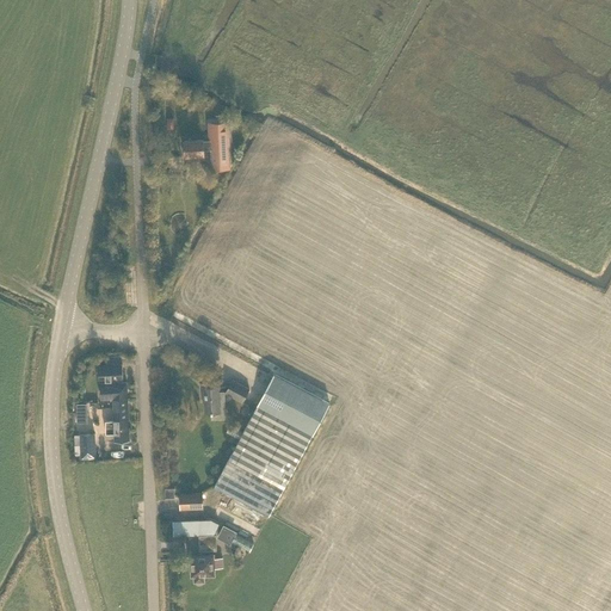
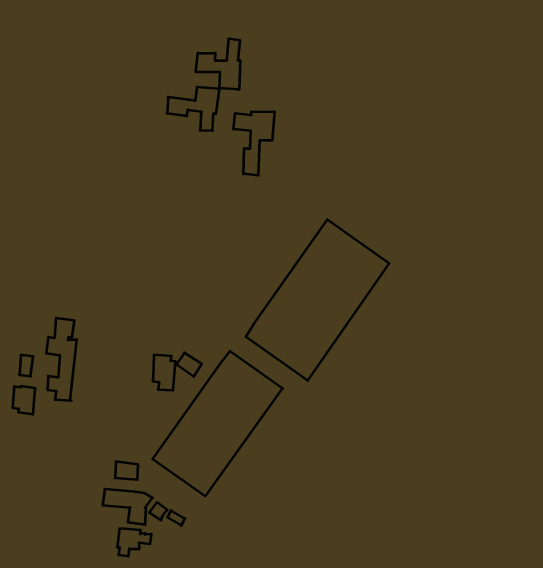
building: none -> [196,39,240,90]
building: none -> [234,112,274,175]
building: none -> [246,220,389,381]

